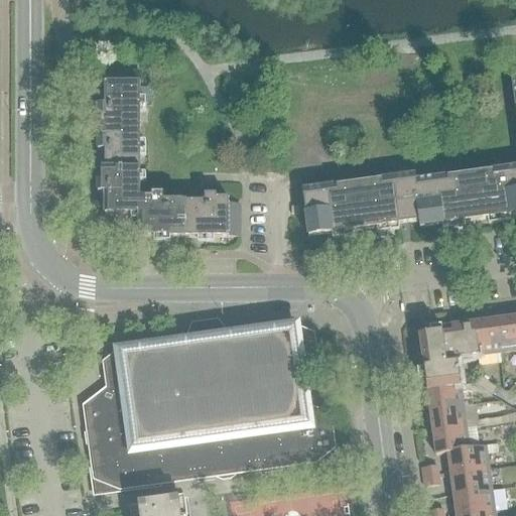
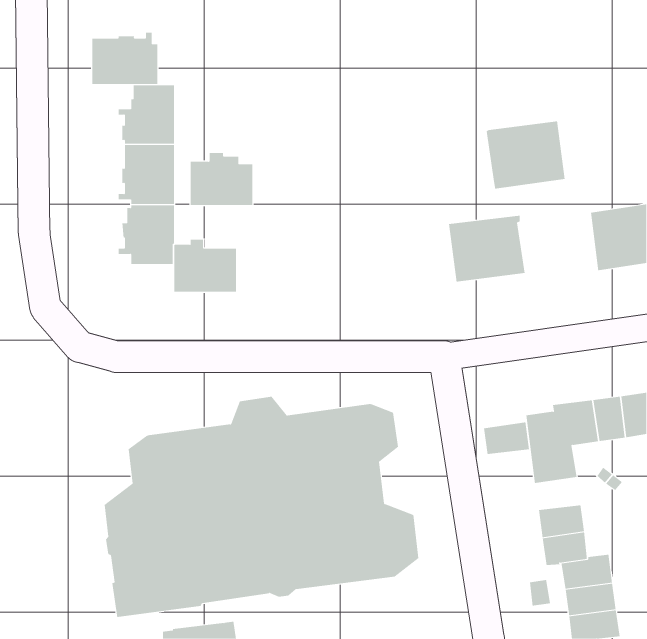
building: none -> [92,32,158,85]
building: [412,169,476,224] -> [486,121,565,189]
building: [301,178,363,233] -> none
building: [188,190,239,233] -> [190,152,253,206]
building: [425,380,463,406] -> [483,422,530,455]

